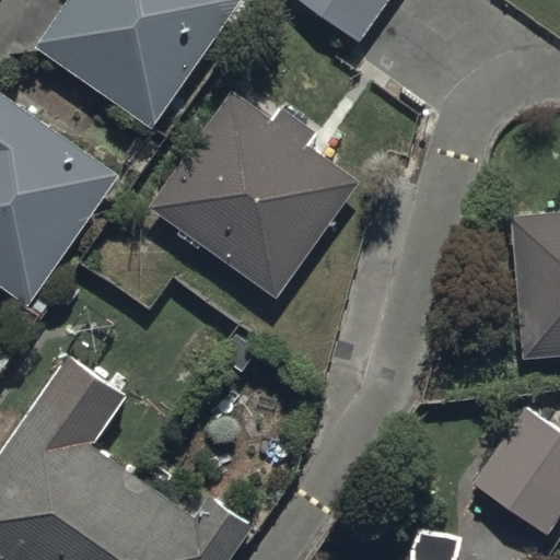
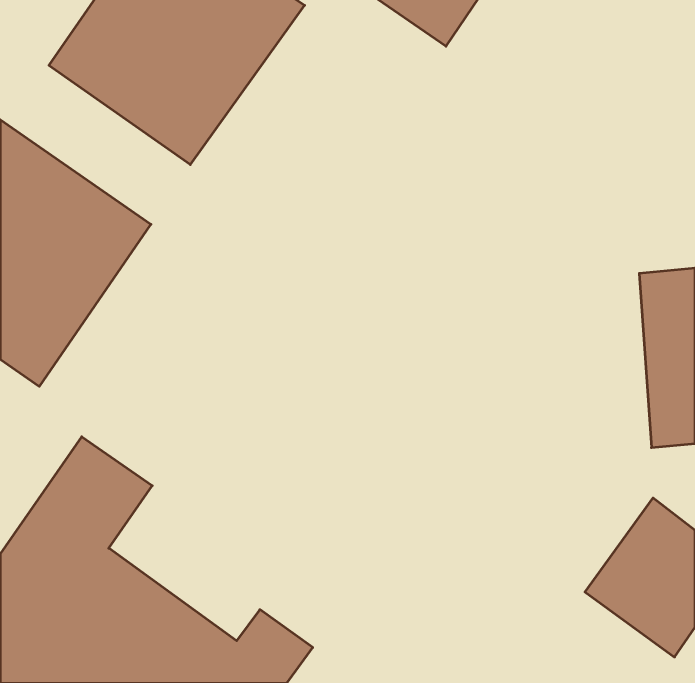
building: [150,96,362,302] -> none

